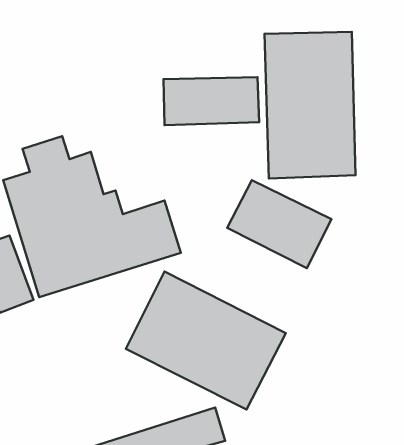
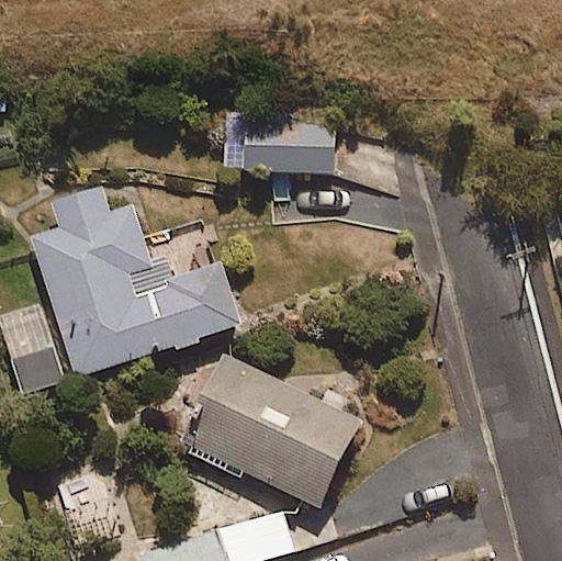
building: [264,32,356,178] -> none
building: [227,180,331,268] -> none

